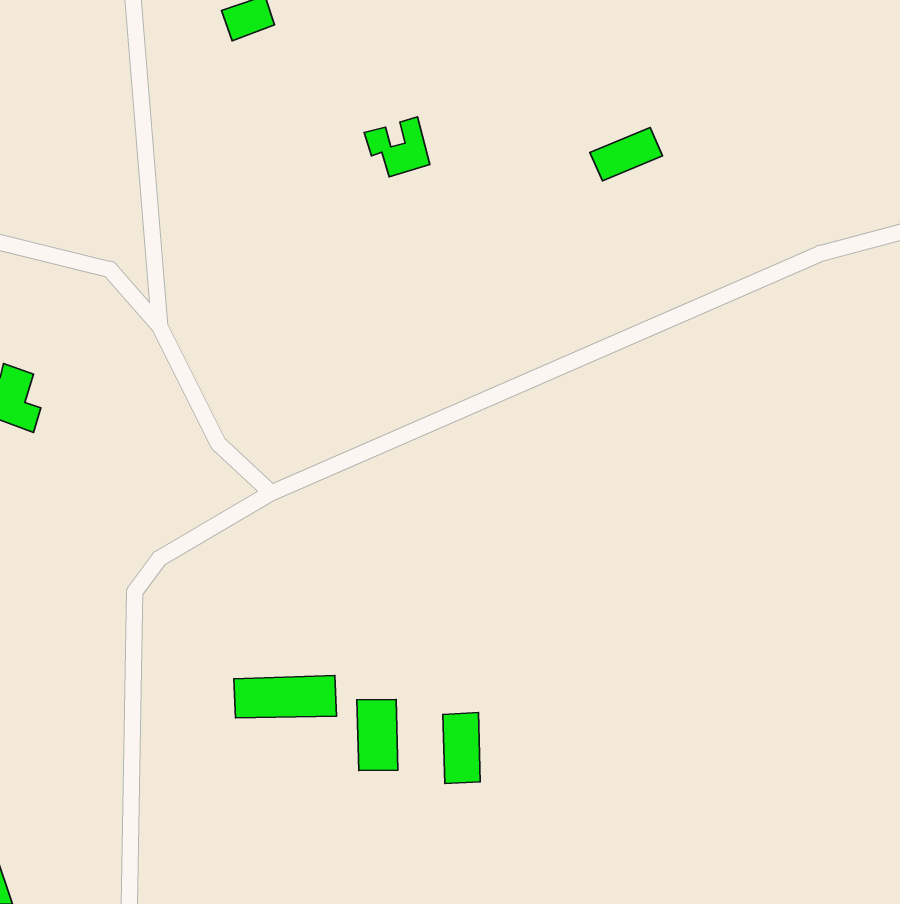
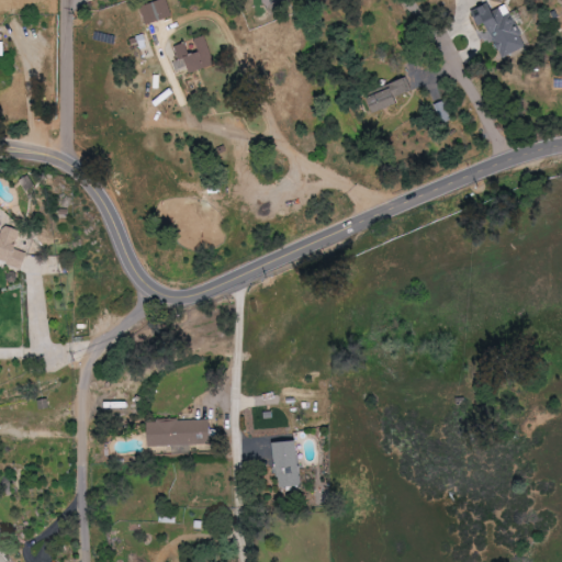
building: none -> [471,4,520,54]
building: [364,117,430,177] -> [172,35,213,72]
building: [357,700,398,770] -> none

